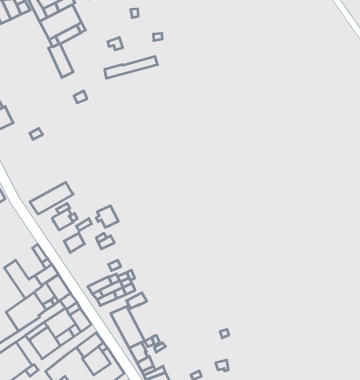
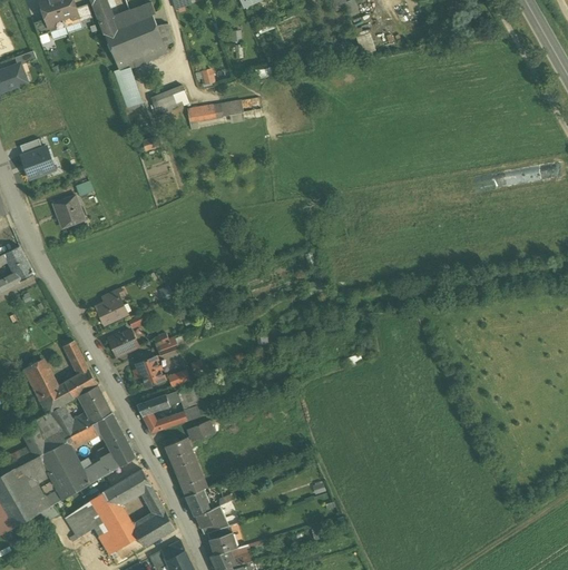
building: none -> [150,86,189,116]
building: none -> [52,196,84,228]
building: [30,182,73,214] -> none
building: [96,206,118,227] -> [134,357,164,386]

